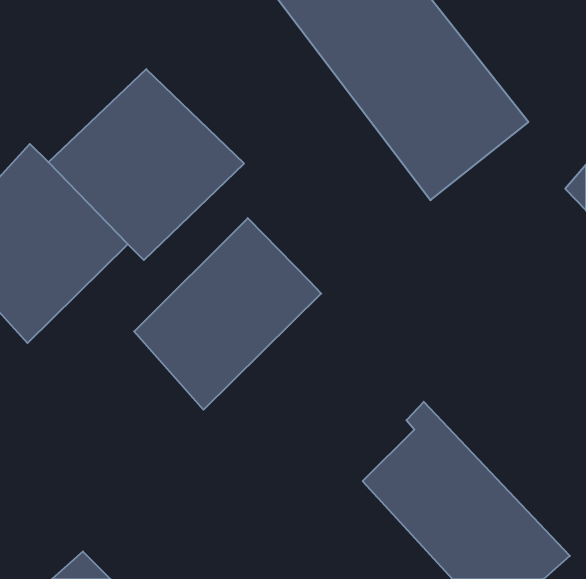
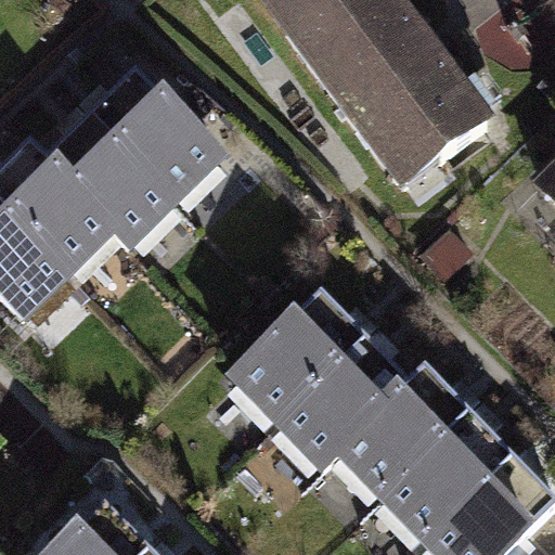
building: [134,218,321,410] -> none
building: none -> [225,308,390,475]

